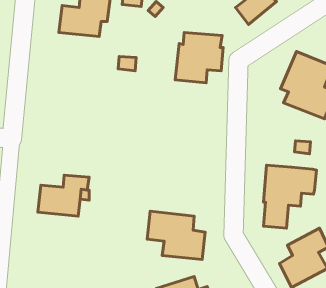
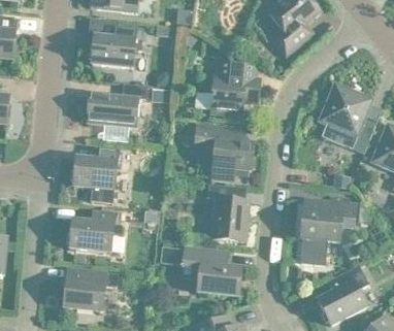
building: none -> [88,82,147,126]
building: none -> [194,125,254,180]
building: none -> [73,146,130,202]
building: none -> [207,184,249,240]
building: none -> [63,268,119,310]

